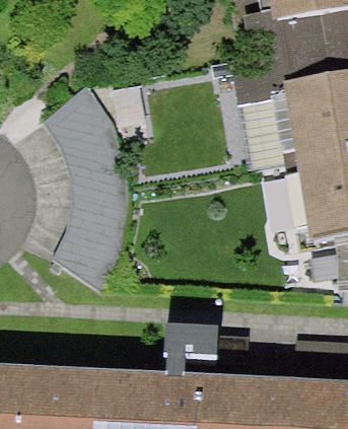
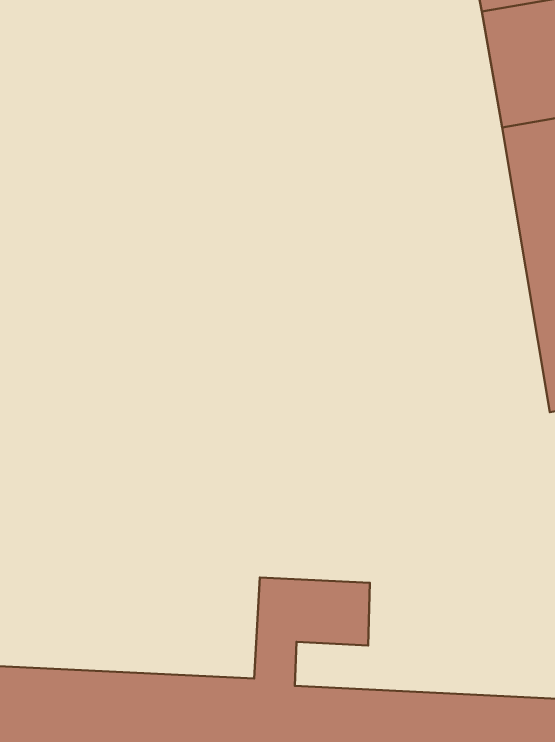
building: [41,85,124,294] -> none

